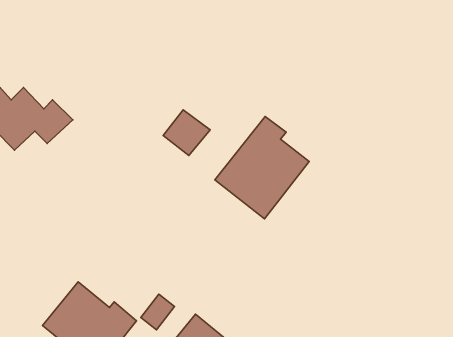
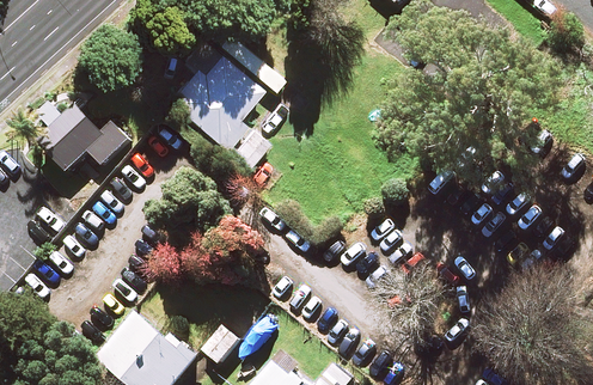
building: none -> [166,45,257,145]
building: [215,116,309,219] -> none

